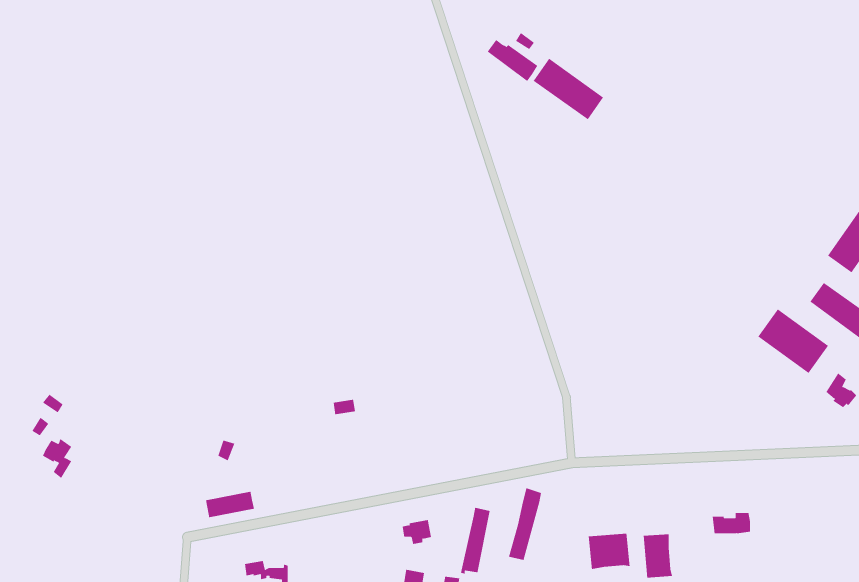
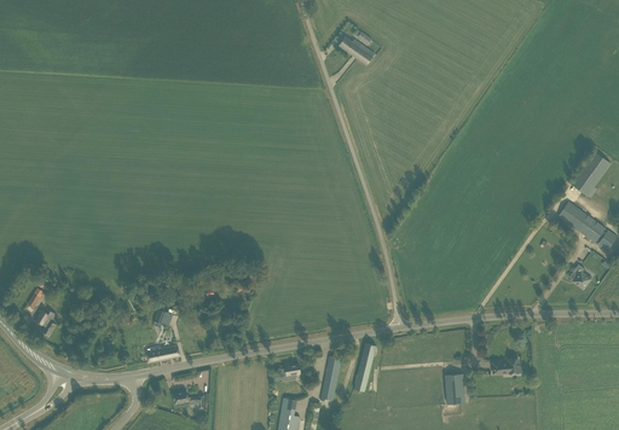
building: [533,58,604,120] -> none
building: [758,308,829,374] -> none
building: [588,533,630,570] -> none

